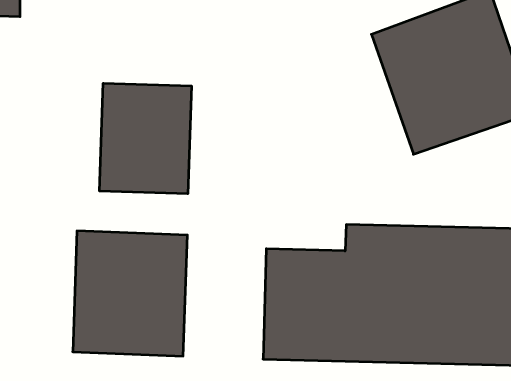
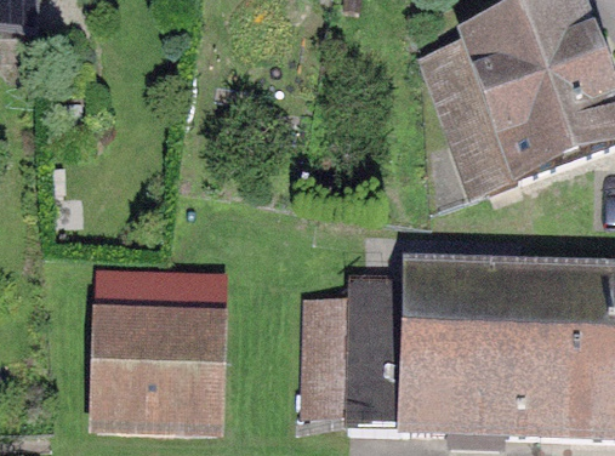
building: [100,83,191,194] -> none

